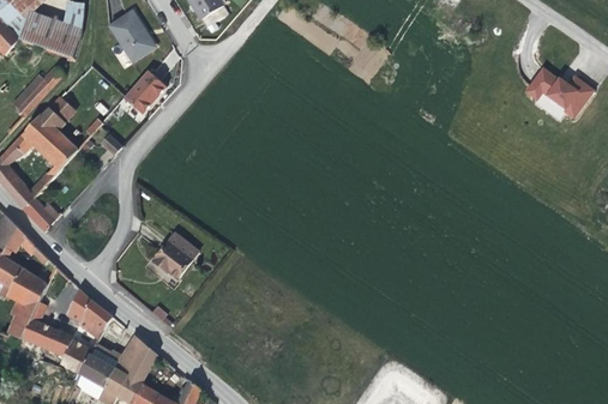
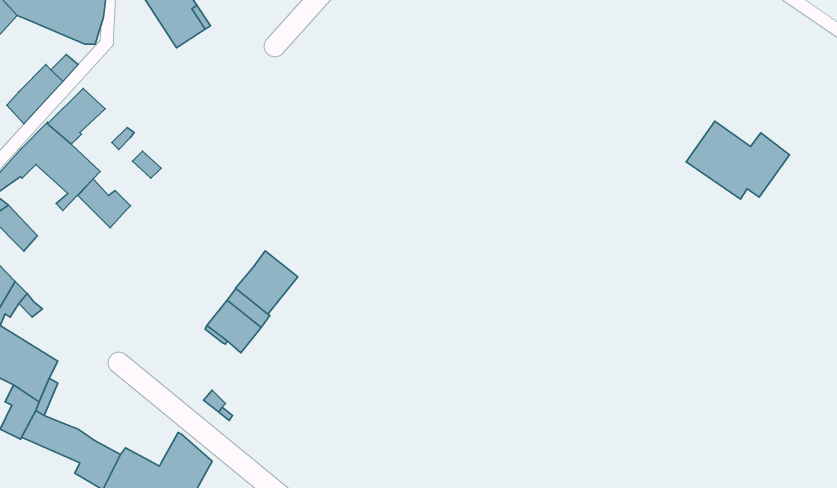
building: [520,64,594,119] -> [686,121,790,199]
building: [124,70,165,113] -> none
building: [22,195,59,230] -> [78,179,130,228]
building: none -> [235,251,298,314]
building: [67,288,113,338] -> none

